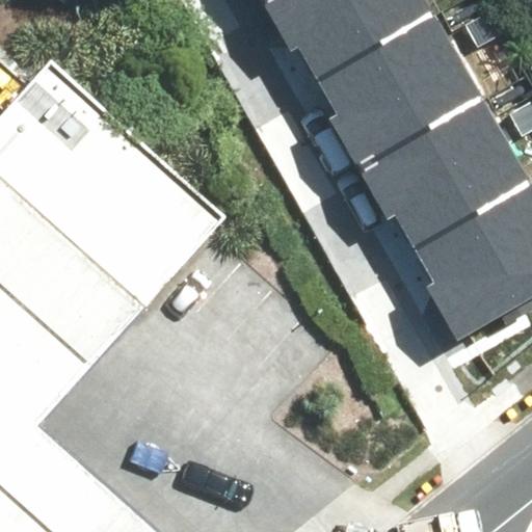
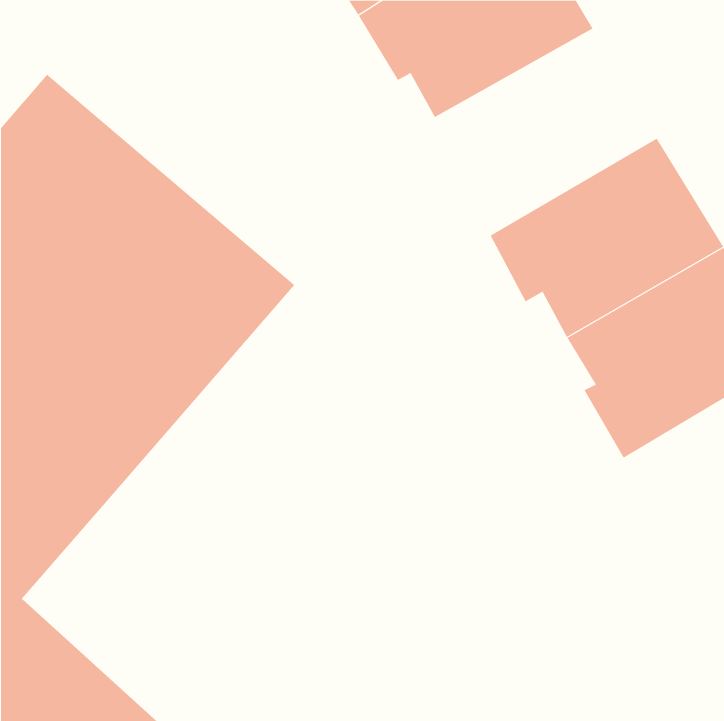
building: [319,24,482,176] -> none

